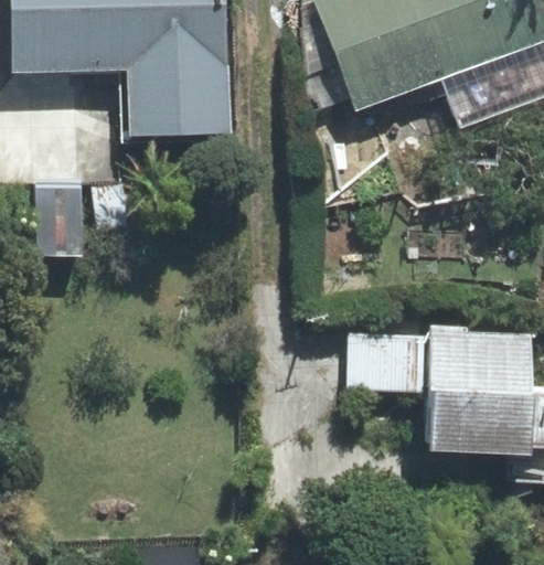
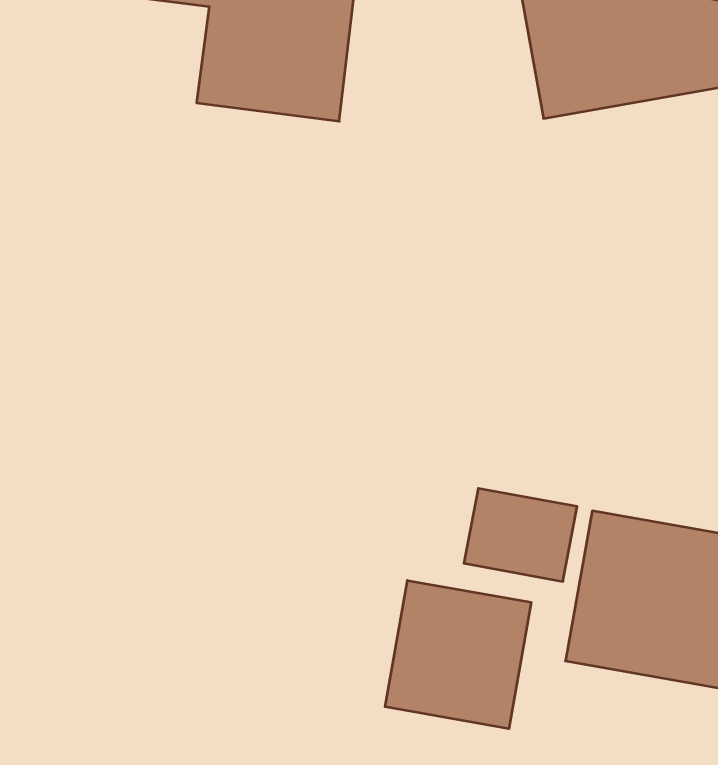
building: none -> [385,580,531,729]

